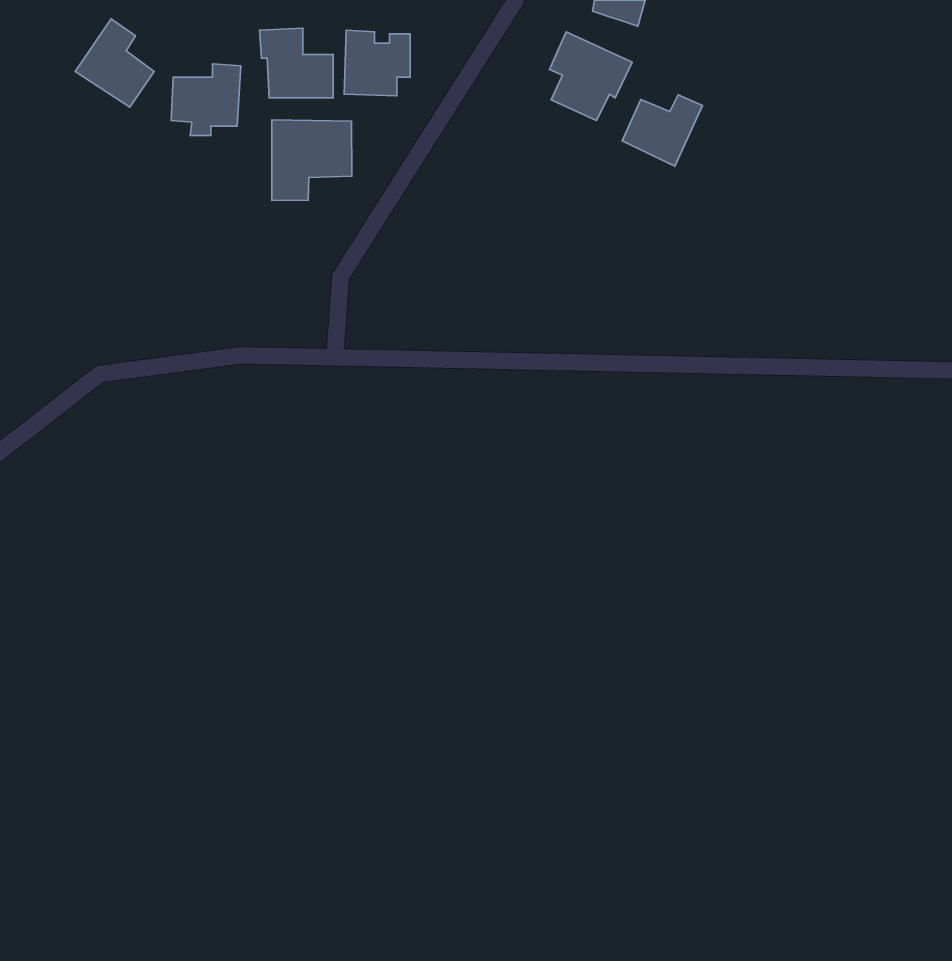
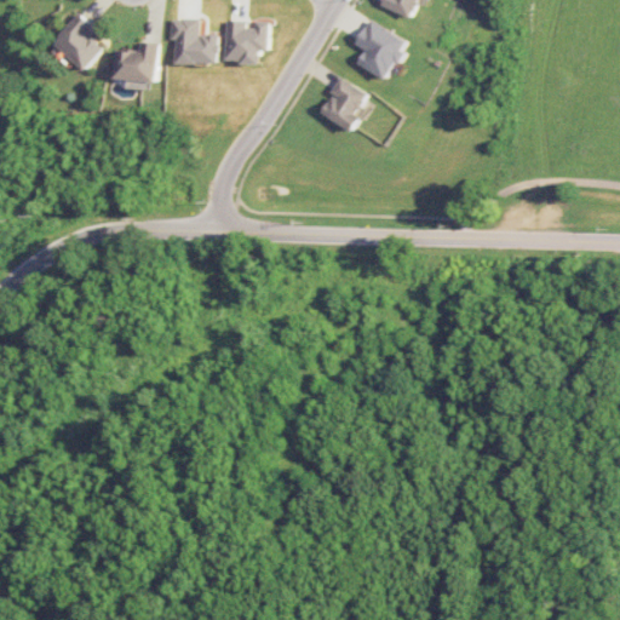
building: [622,95,703,166] -> none
building: [272,120,352,201] -> none
building: none -> [320,78,366,130]

